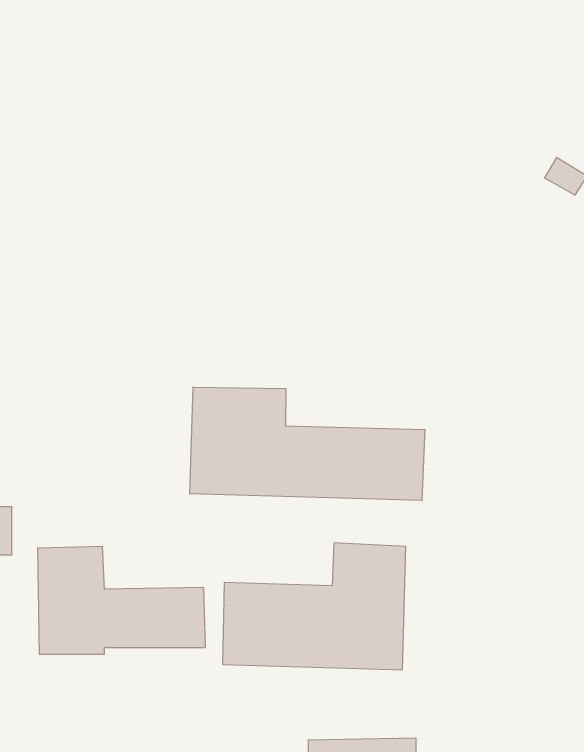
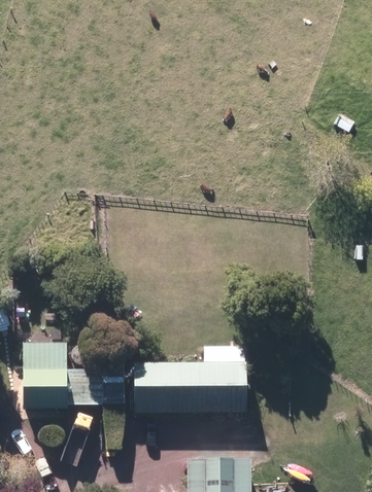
building: [190,387,425,501] -> none

